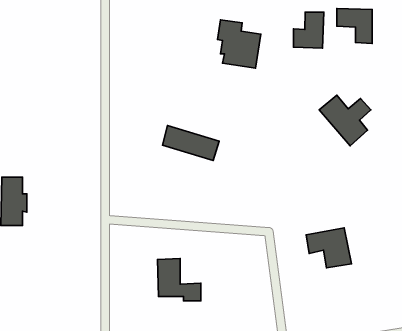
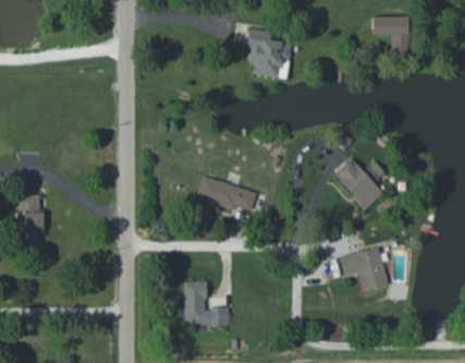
building: [293,12,324,48] -> none
building: [319,95,371,146] -> [332,157,387,210]
building: [162,126,219,161] -> [197,177,257,214]

